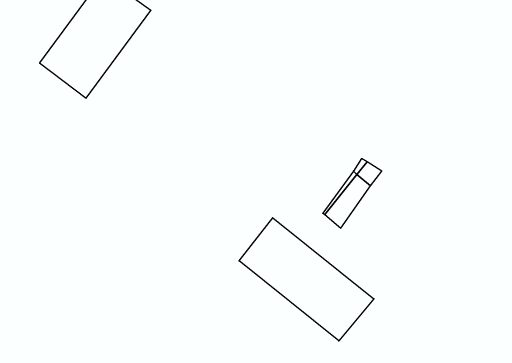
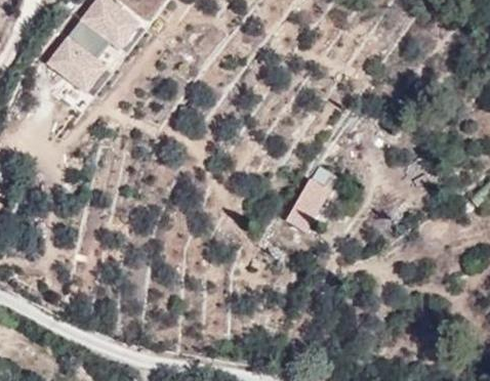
building: [239,218,374,341] -> none

